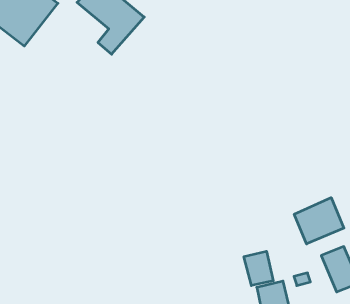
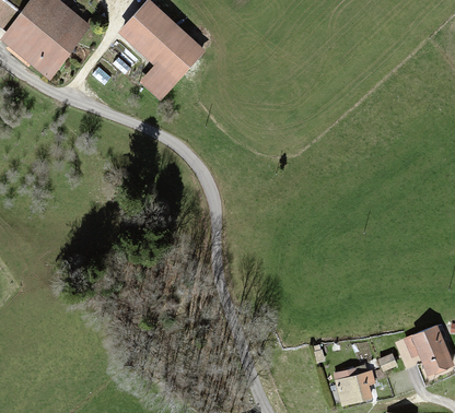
building: [294,198,344,244] -> none
building: [244,251,273,286] -> none

